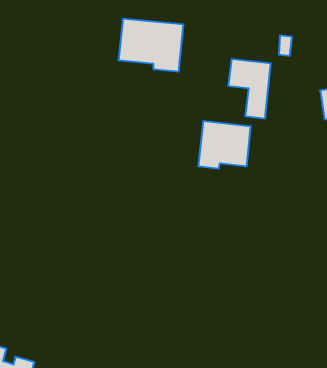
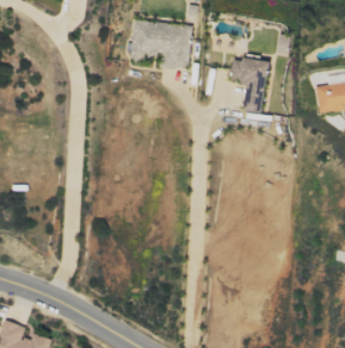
building: [198,121,251,169] -> none

